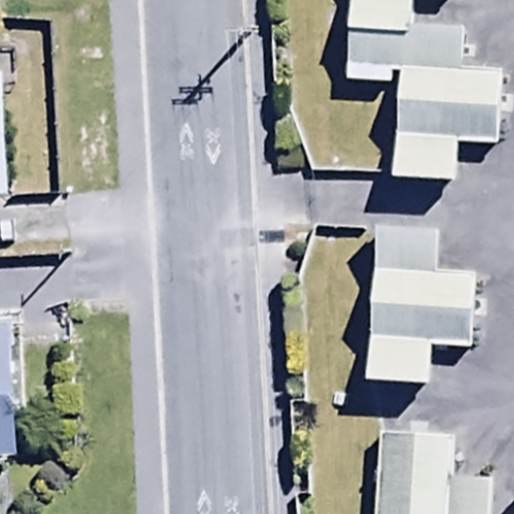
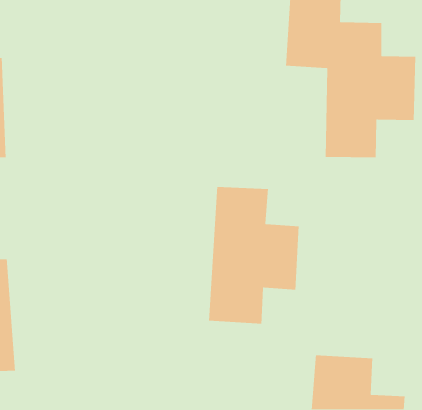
building: [365,225,476,393] -> [208,186,299,324]

